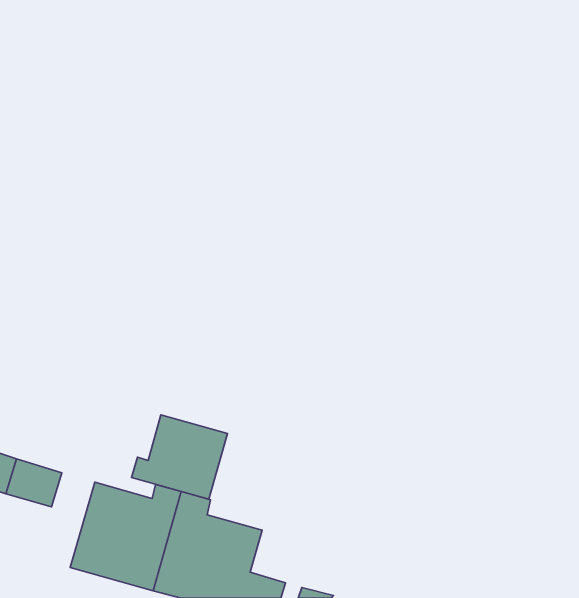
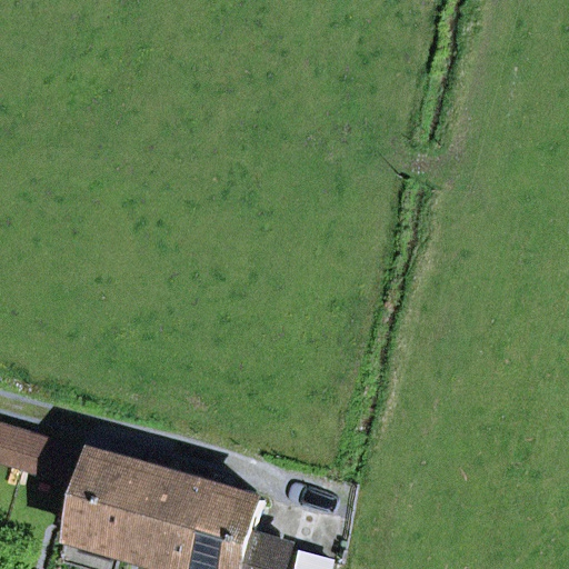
building: [131,415,228,499] -> none

